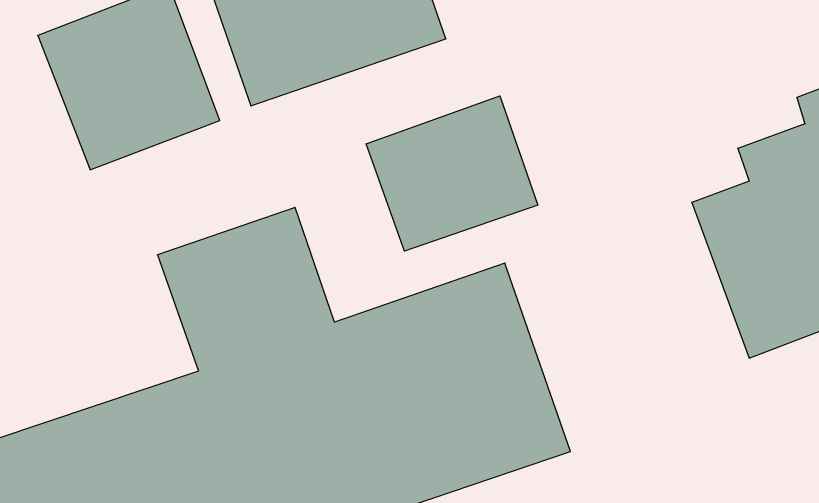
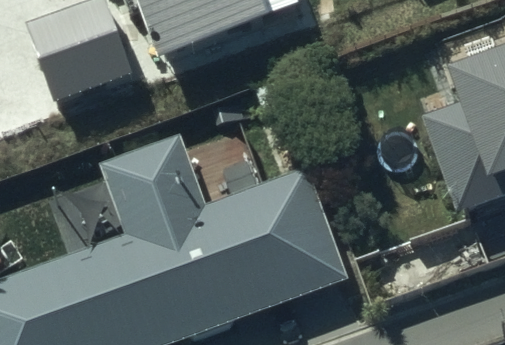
building: [366,96,538,251] -> none

